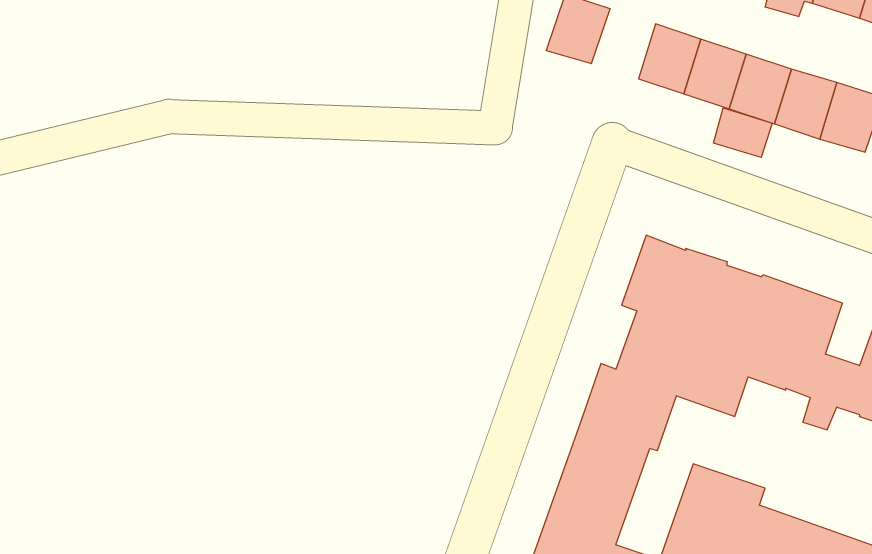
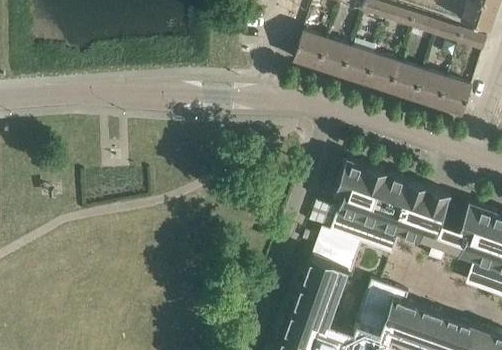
building: none -> [318,39,352,76]
building: [714,108,772,157] -> none

